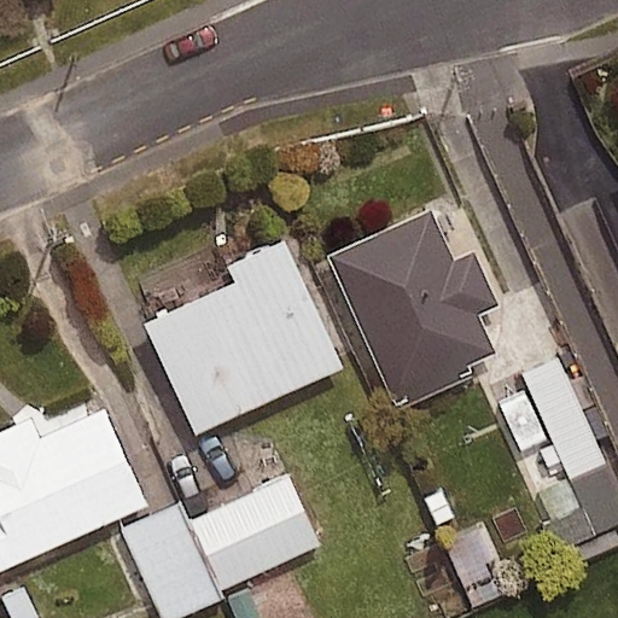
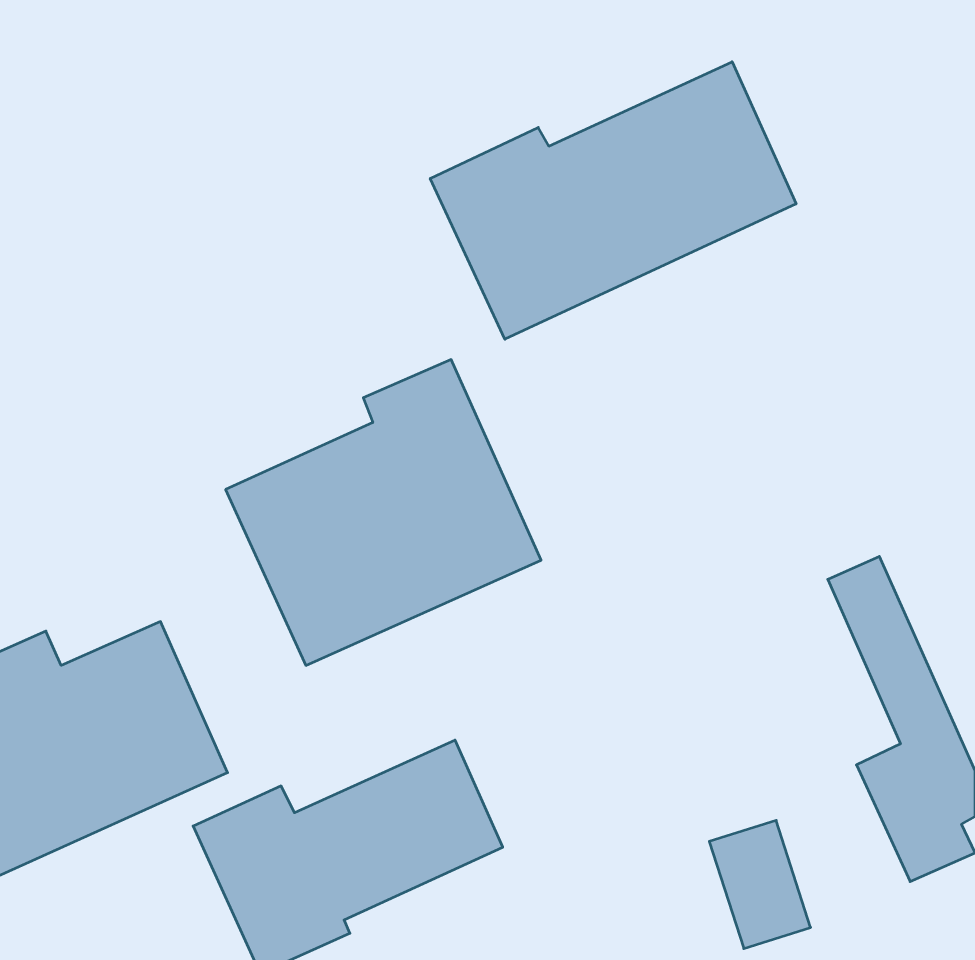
building: none -> [430,62,796,339]
building: [336,215,508,416] -> none

